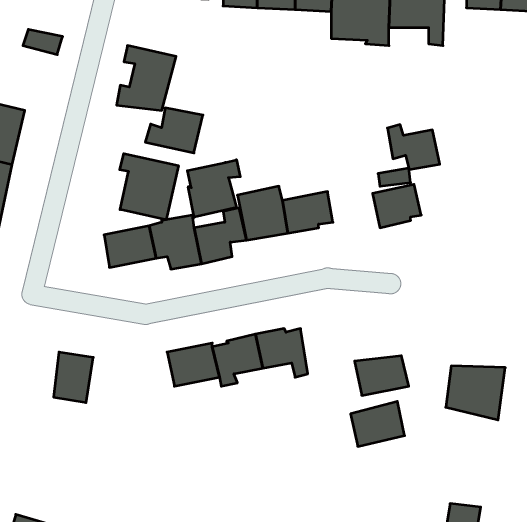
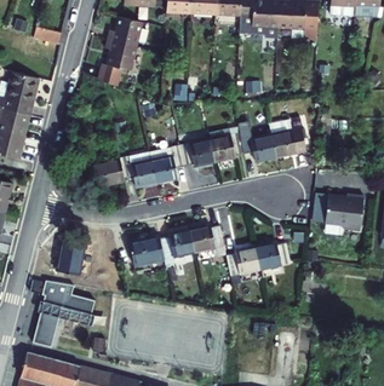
building: [145,108,203,153] -> [103,12,142,42]
building: [387,125,440,170] -> [237,131,273,161]
building: [120,154,178,220] -> none
building: [187,160,240,217] -> none
building: [446,366,505,420] -> [325,198,365,235]
building: [351,401,405,446] -> [224,247,260,277]
building: none -> [34,282,98,347]

